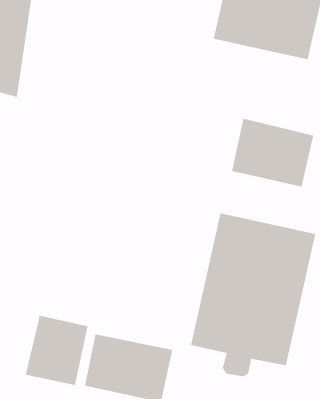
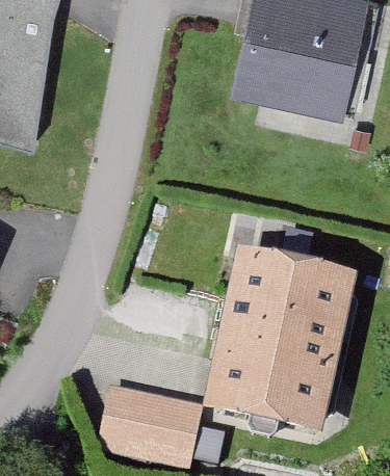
building: [231,118,314,187] -> none
building: [25,315,89,386] -> none

